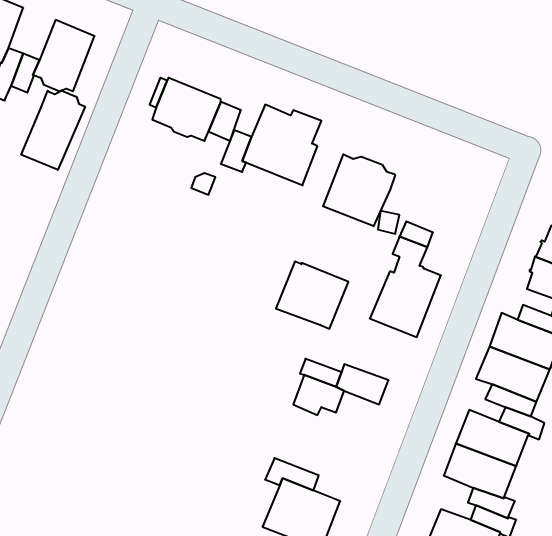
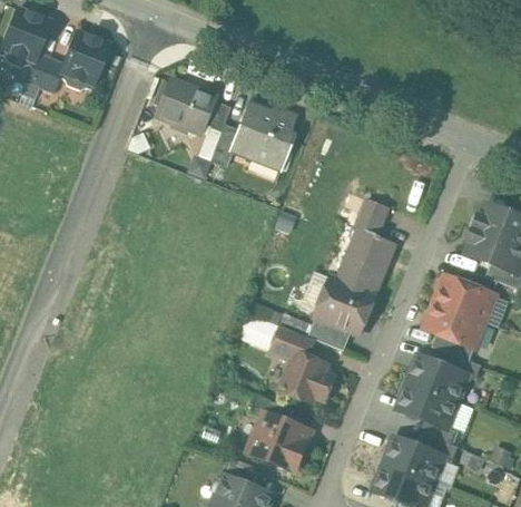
building: [21,90,85,170] -> none
building: [323,154,395,226] -> none
building: [276,262,348,329] -> [314,279,374,334]
building: none -> [281,353,332,402]

